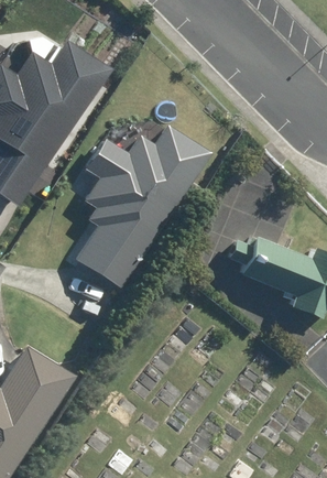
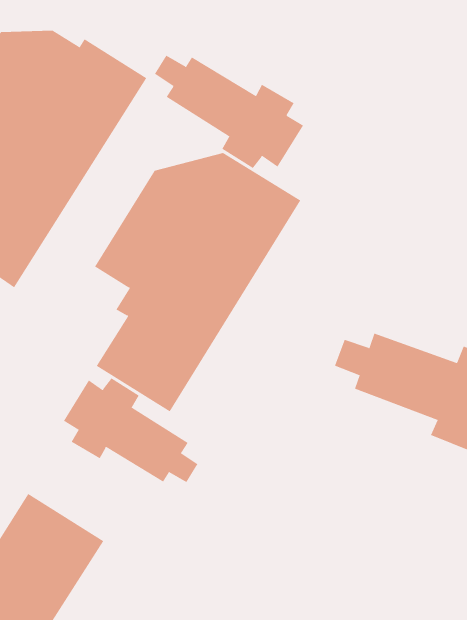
building: none -> [154,55,304,169]
building: none -> [63,377,198,483]

